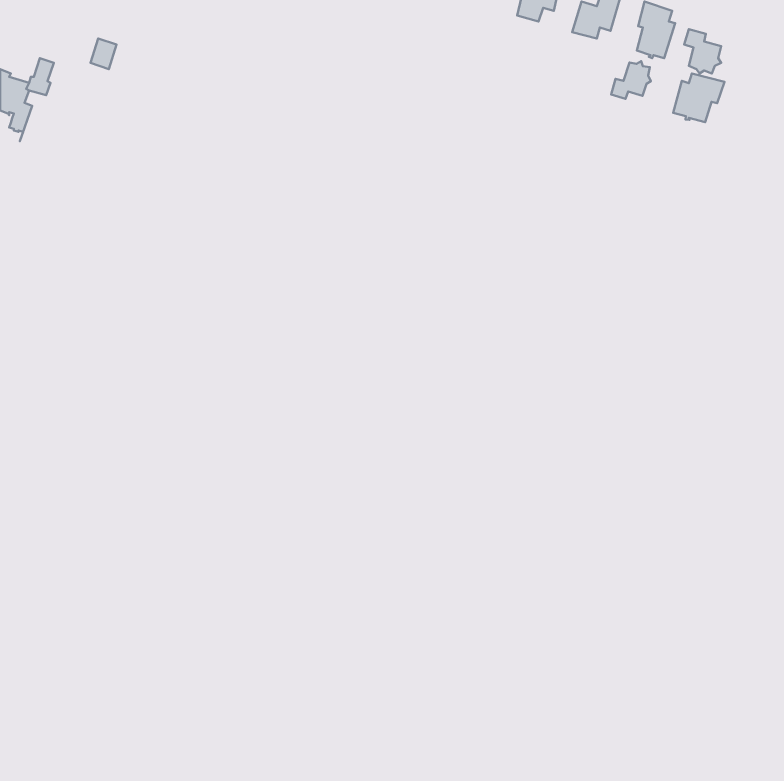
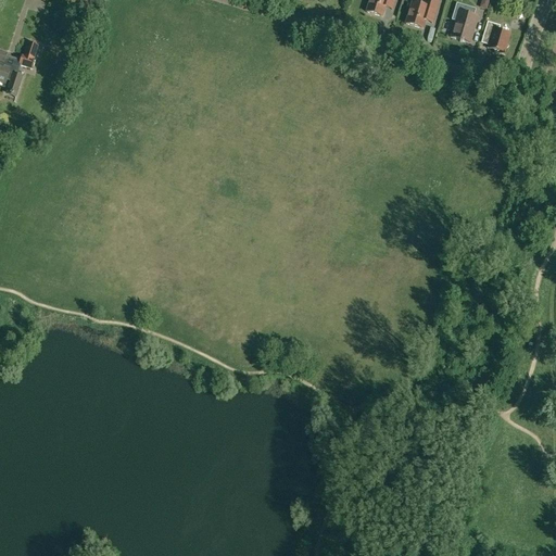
building: [611,61,651,99] -> none
building: [673,74,724,122] -> none

